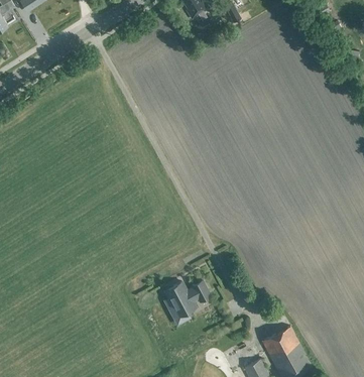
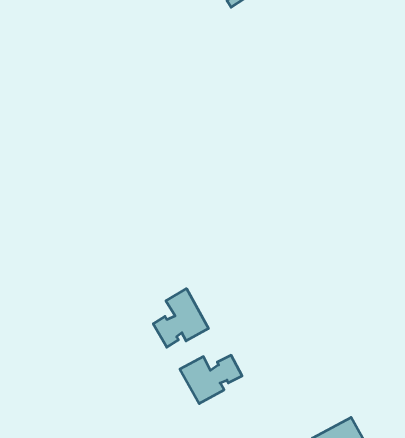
building: none -> [153,289,208,347]

